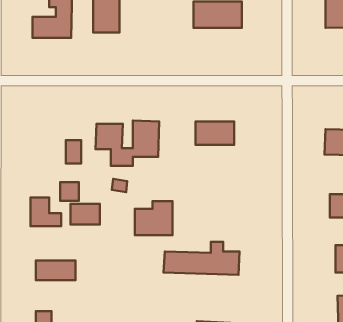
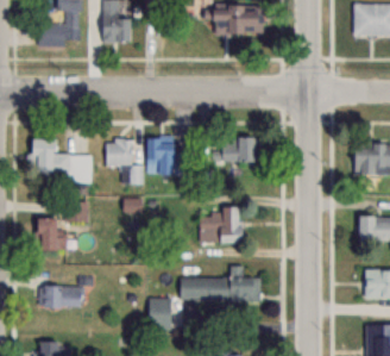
building: none -> [32,139,71,173]
building: [135,201,172,235] -> [201,207,241,244]
building: [70,204,100,225] -> none
building: none -> [150,299,170,330]

